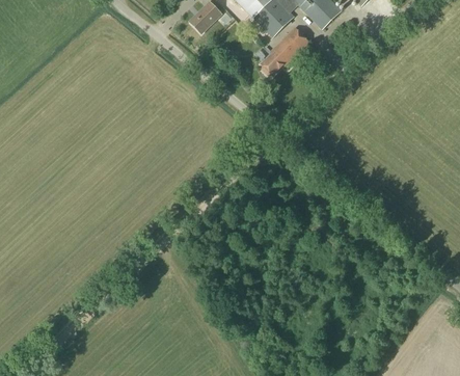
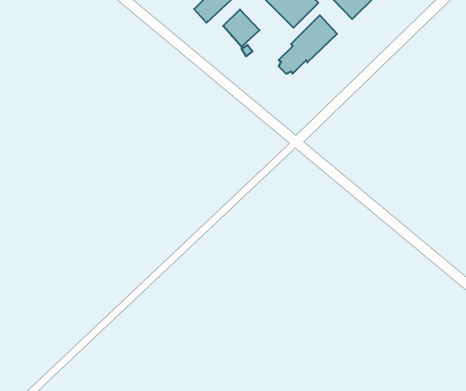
building: none -> [223,9,260,47]

